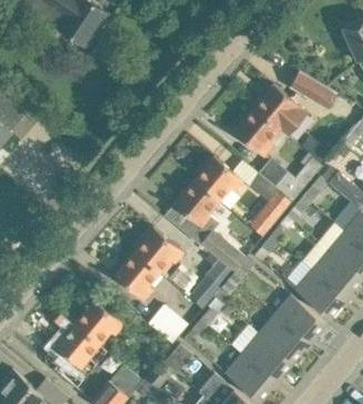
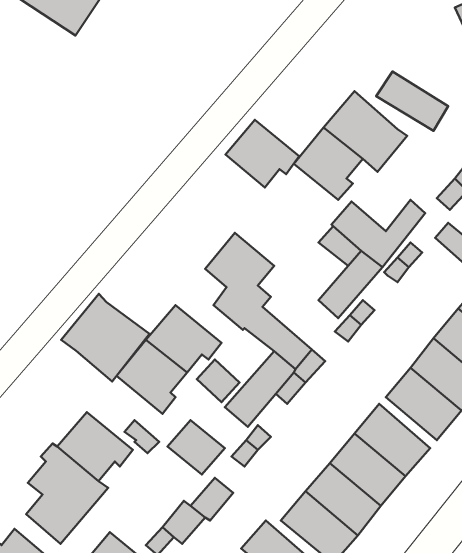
building: [193,156,242,201] -> [225,120,299,187]
building: none -> [61,294,149,382]

